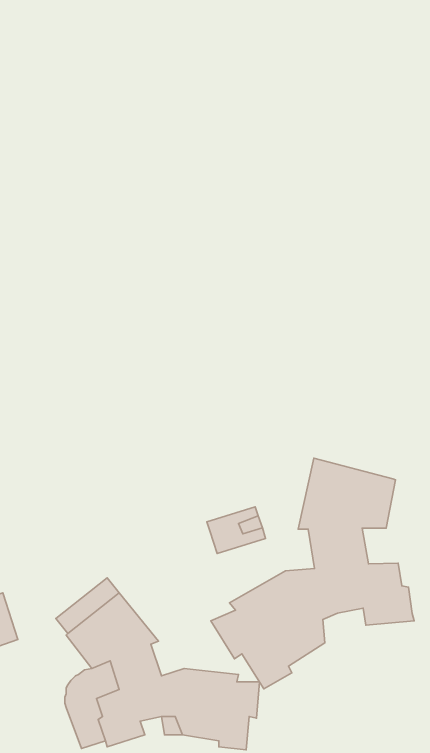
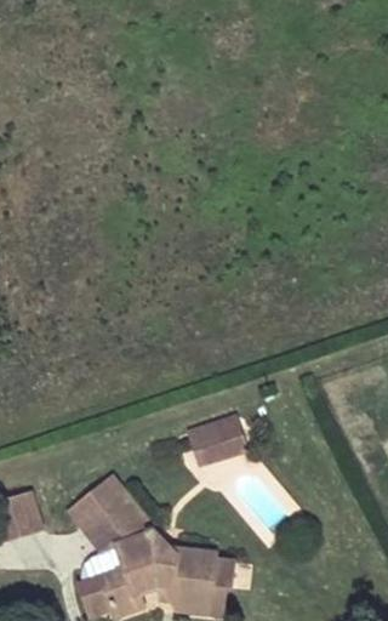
building: [211,458,414,689] -> none

